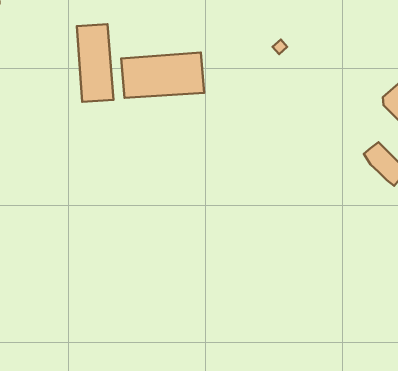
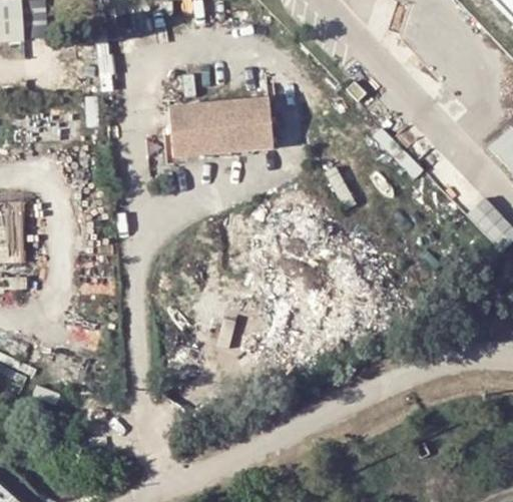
building: [77,24,113,102] -> none

